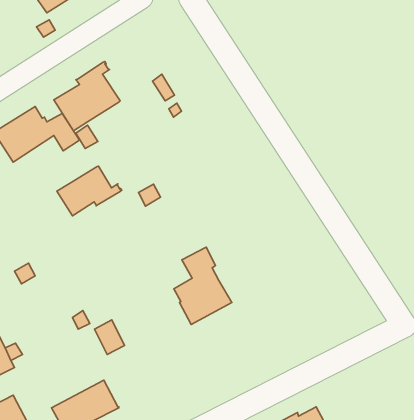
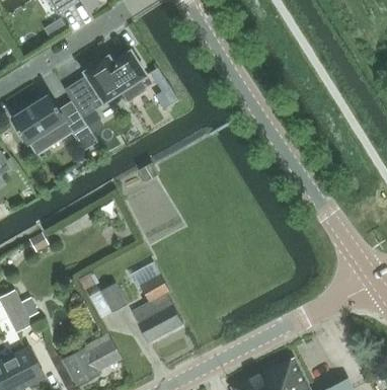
building: none -> [107,51,147,100]
building: [57,166,122,216] -> none
building: [174,247,232,325] -> [133,275,183,342]

